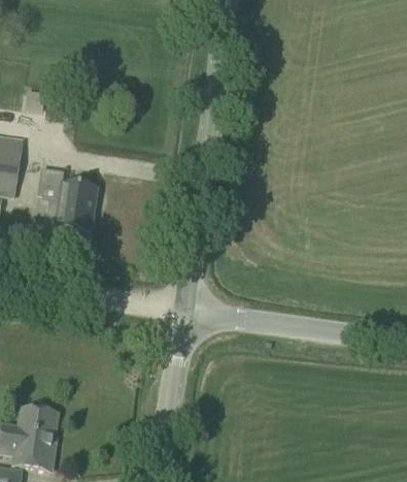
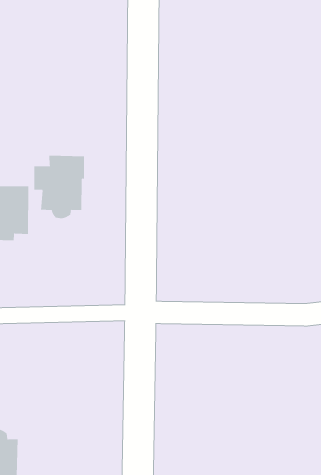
building: none -> [34,155,84,219]

